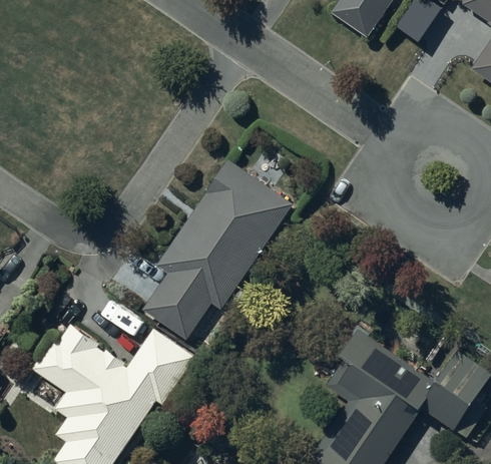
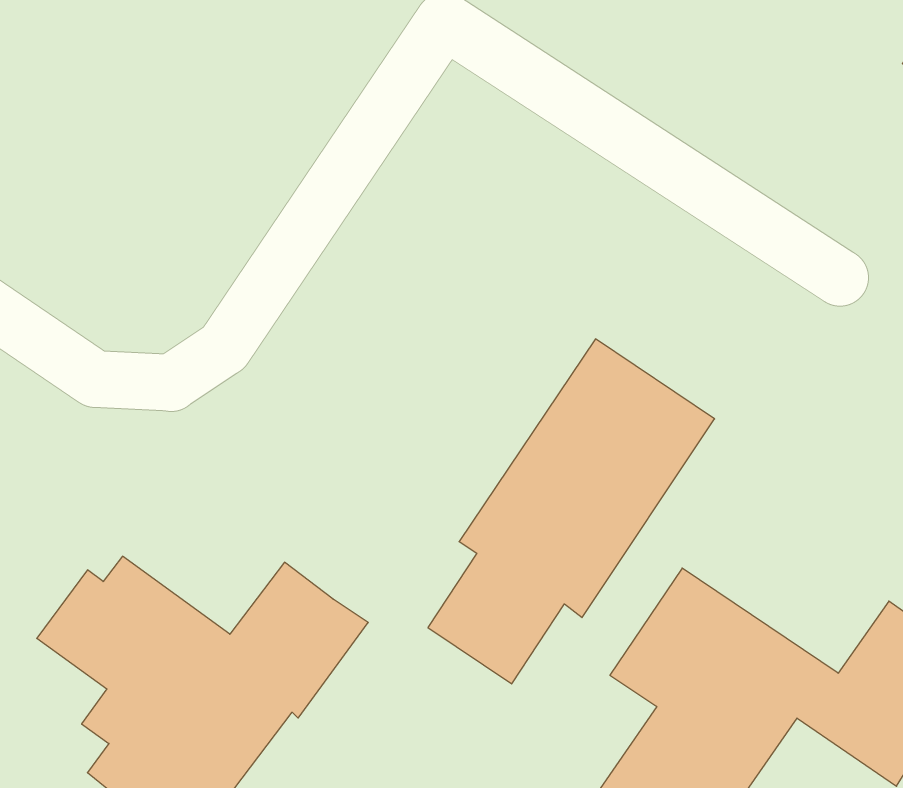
building: [141,163,289,341] -> [428,339,715,684]

